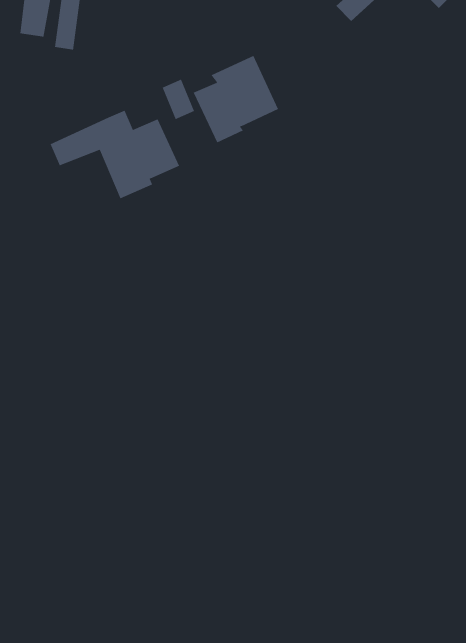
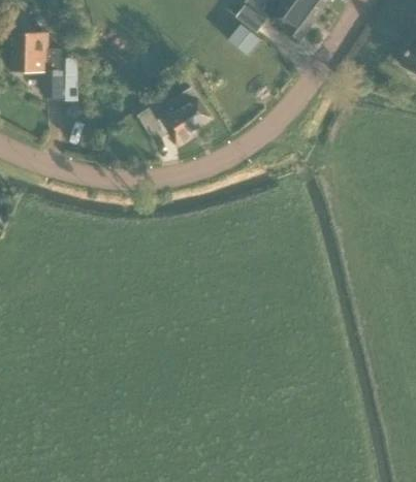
building: [50,110,180,199] -> none

